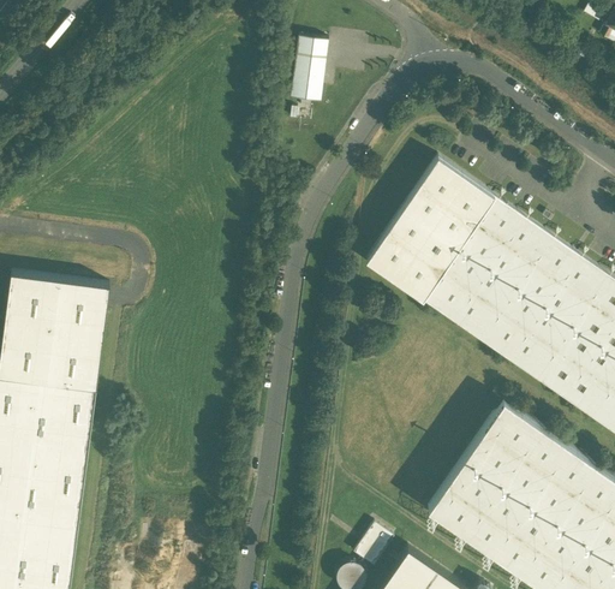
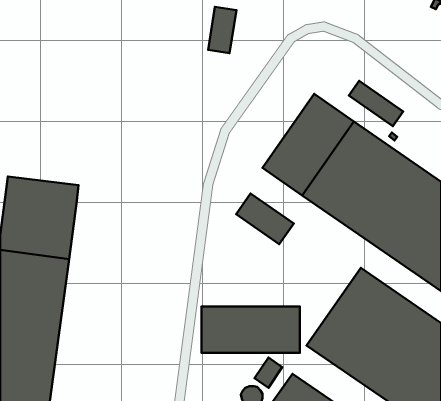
building: none -> [349,81,403,126]
building: none -> [236,193,294,244]
building: none -> [201,307,300,353]

